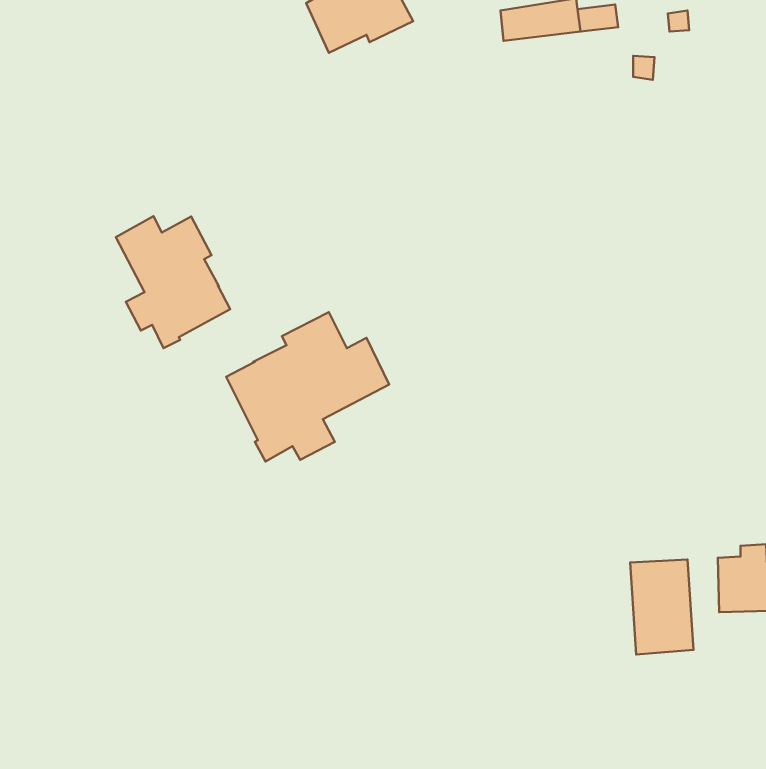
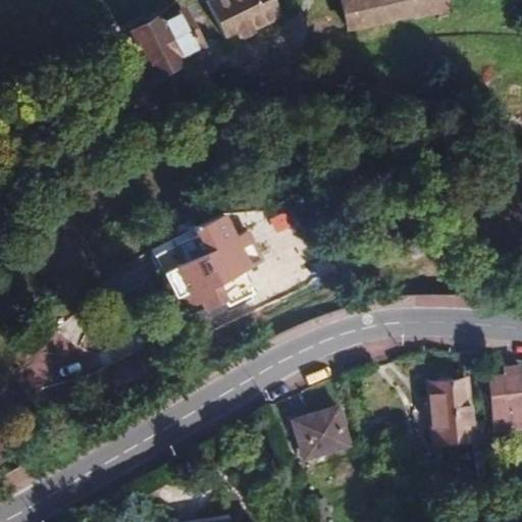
building: none -> [134,10,205,75]
building: [116,216,230,348] -> none
building: none -> [294,406,352,460]

